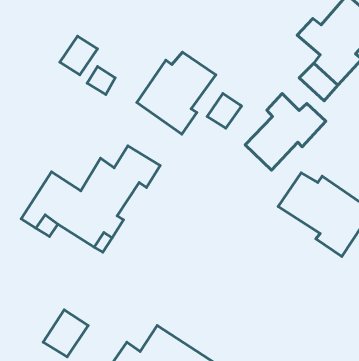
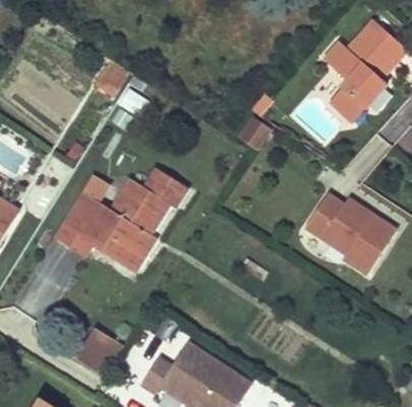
building: [137,52,216,134] -> none
building: [245,94,326,170] -> none

